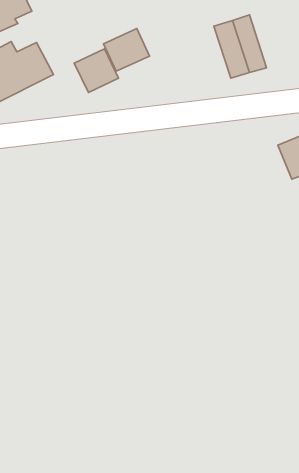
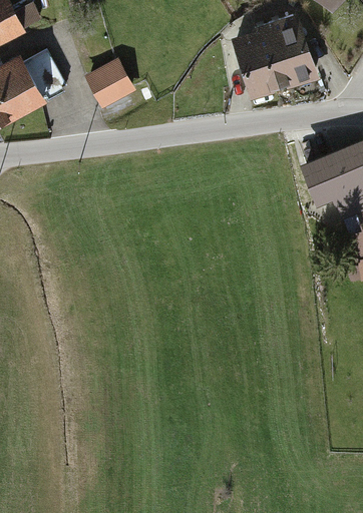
building: none -> [274,18,314,81]
building: [103,29,150,71] -> none

